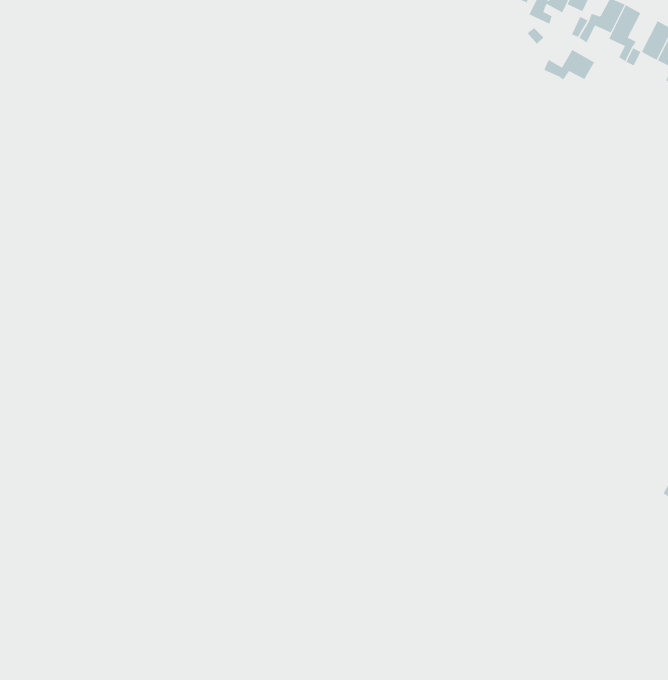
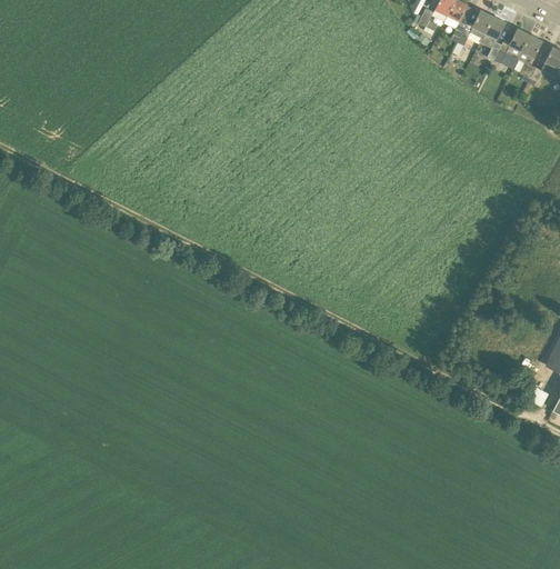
building: [543,49,595,81] -> none

